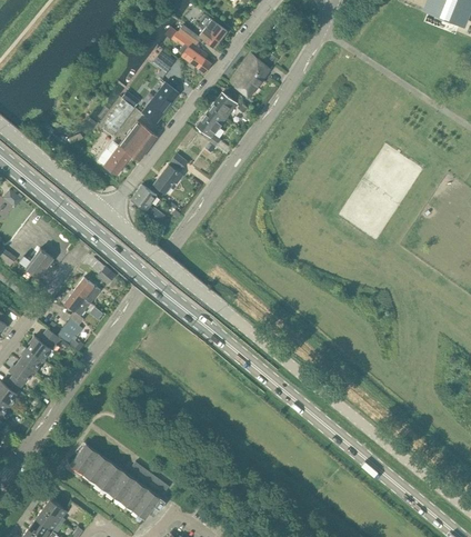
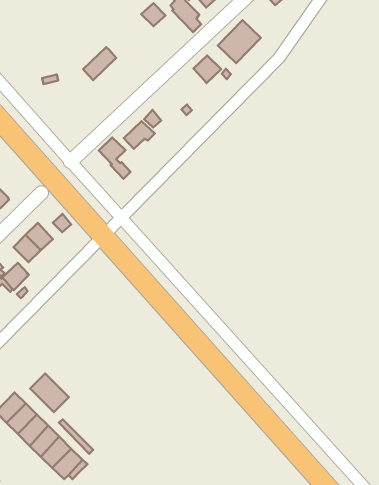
building: [141,83,179,123] -> none
building: [196,108,224,146] -> none
building: [98,121,158,177] -> none
building: none -> [30,373,69,412]

